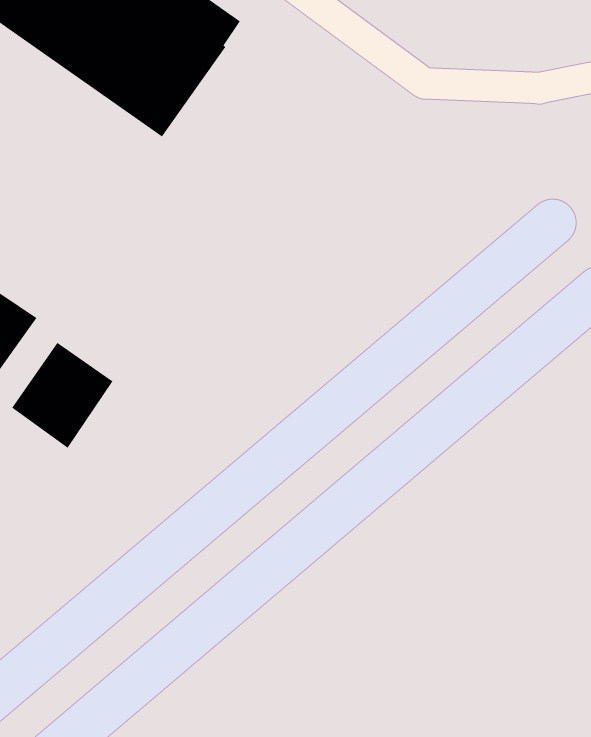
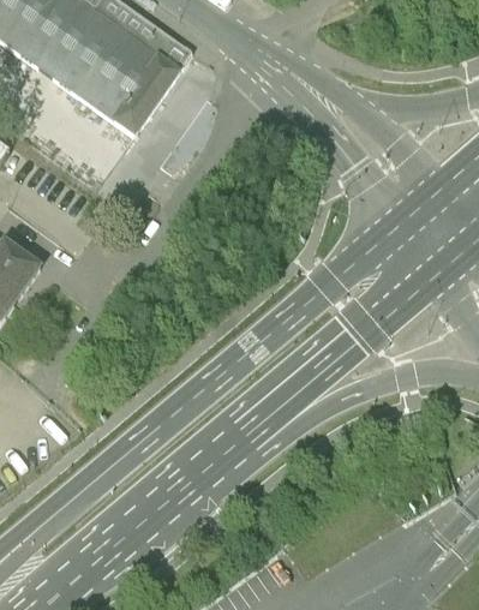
building: [11,342,113,449] -> none

